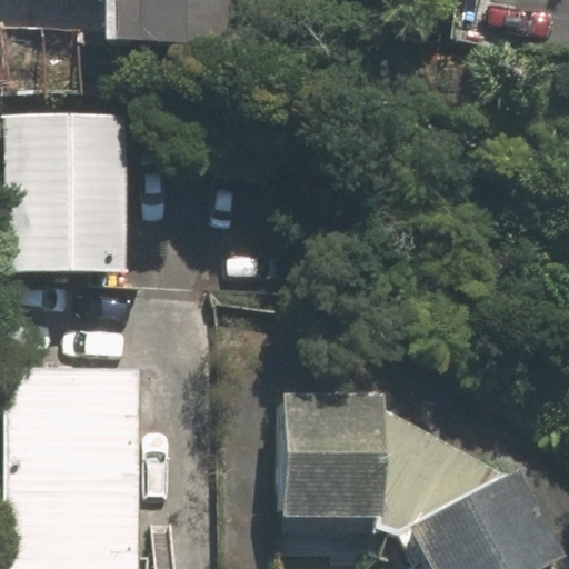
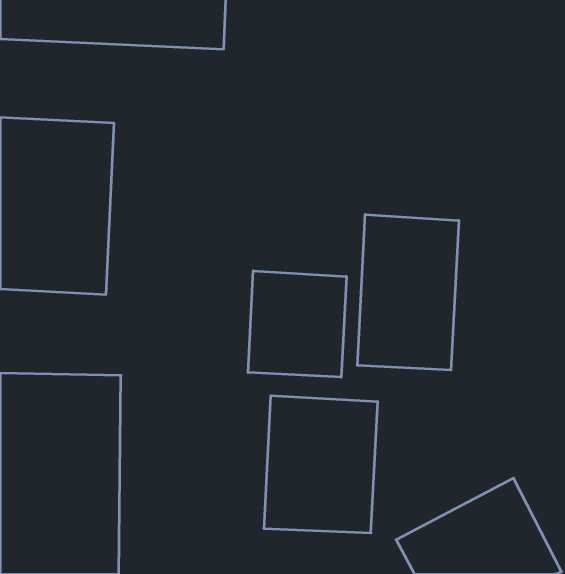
building: none -> [357,214,459,370]
building: none -> [248,271,346,377]

